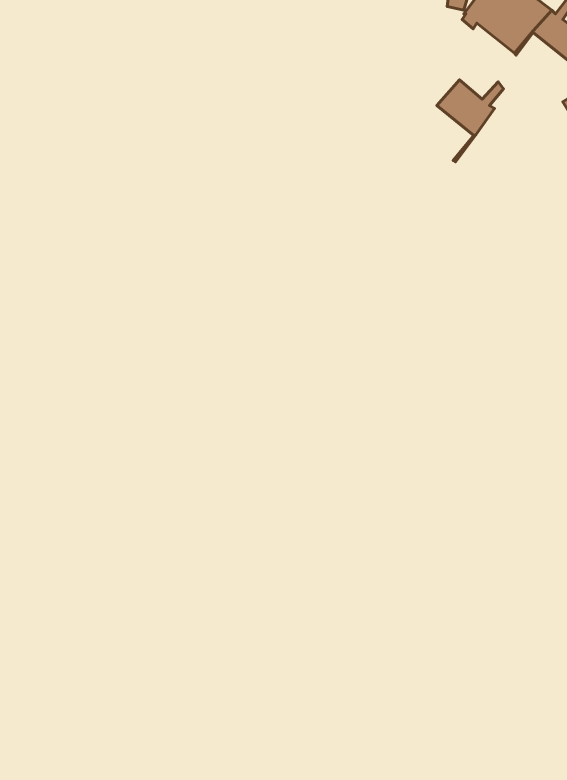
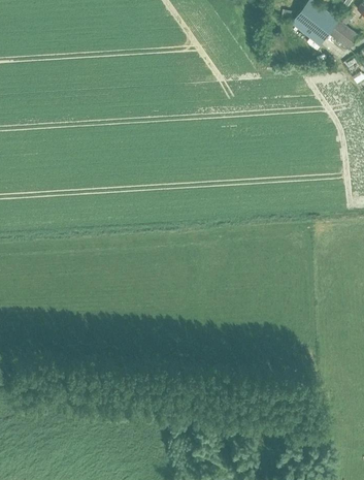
building: [437,80,504,162] -> none

